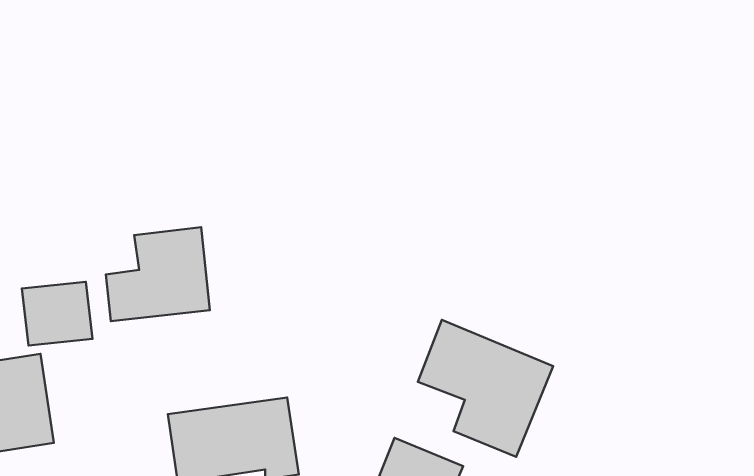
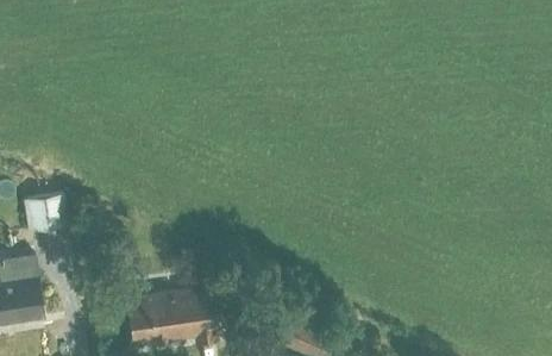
building: [106,227,210,321] -> none
building: [418,320,553,457] -> none

